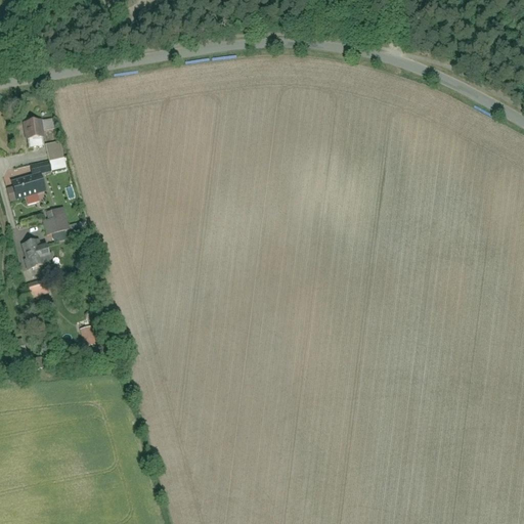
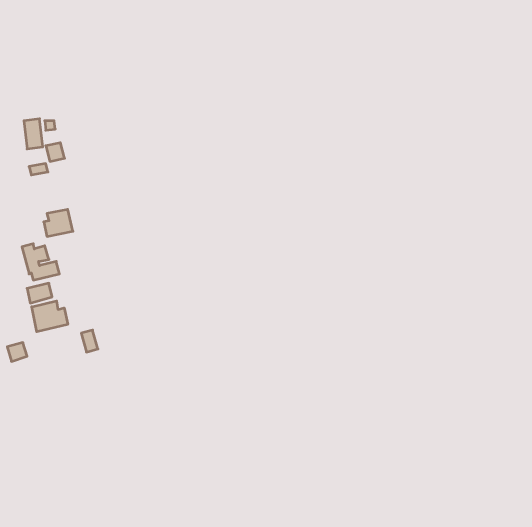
building: [6,172,46,203] -> none
building: none -> [32,301,68,332]

